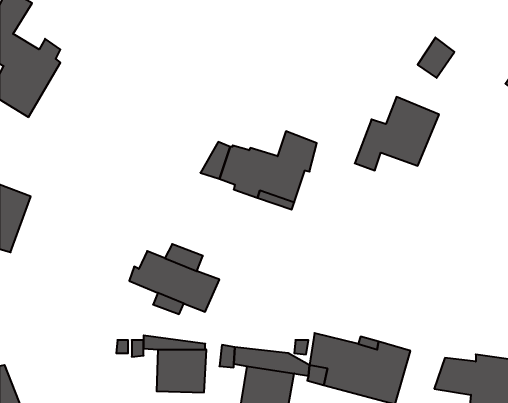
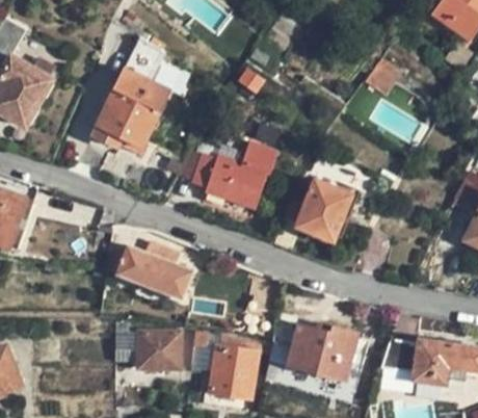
building: none -> [127,38,166,77]
building: none -> [91,69,170,151]
building: [355,97,439,170] -> [277,181,351,245]

